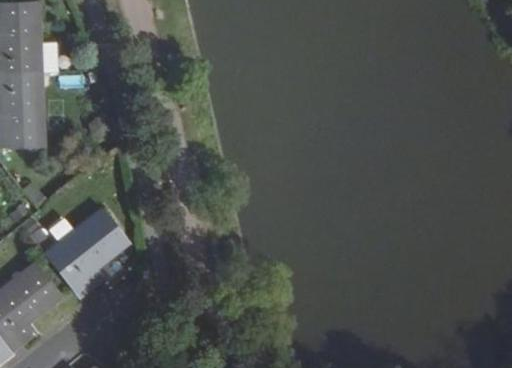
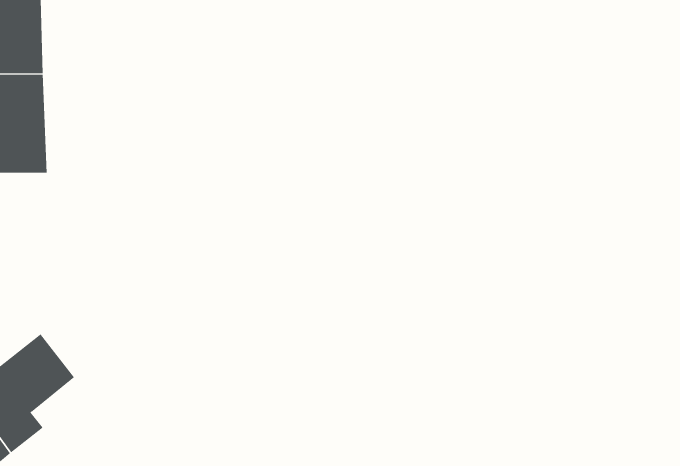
building: [58,210,126,300] -> none

